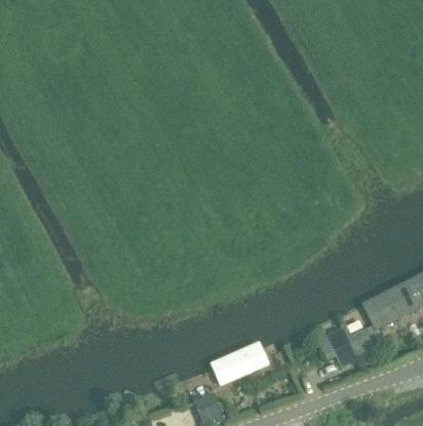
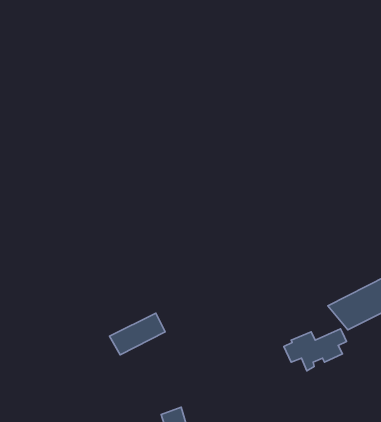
building: [210,339,265,380] -> [110,313,165,355]

